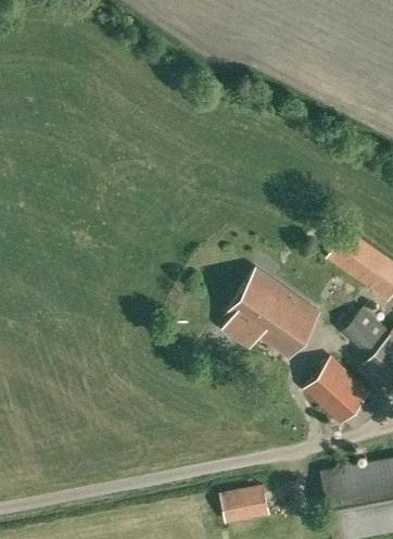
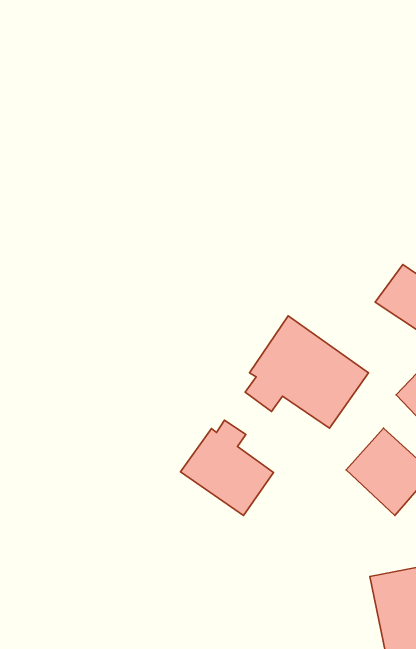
building: none -> [181,420,273,515]
building: [218,484,270,524] -> none

